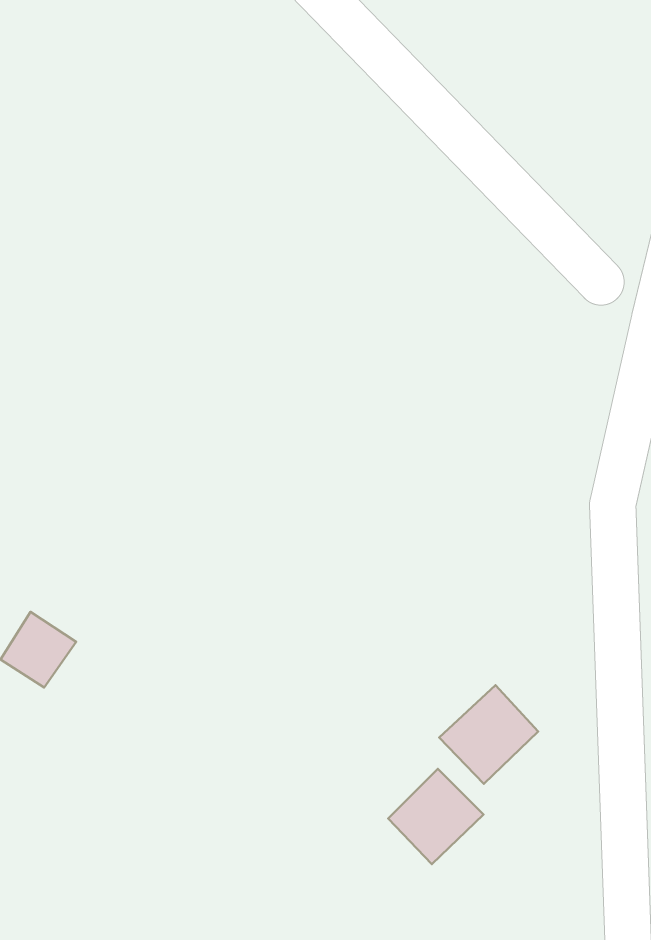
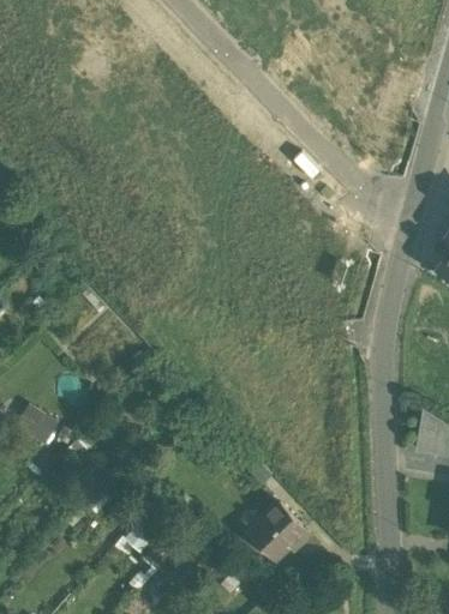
building: [439,685,538,784] -> none

